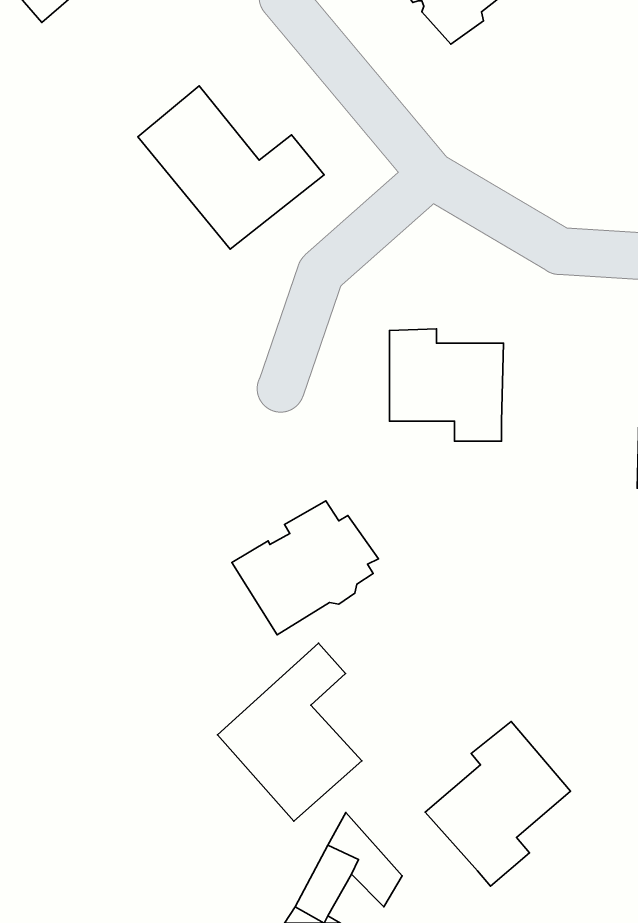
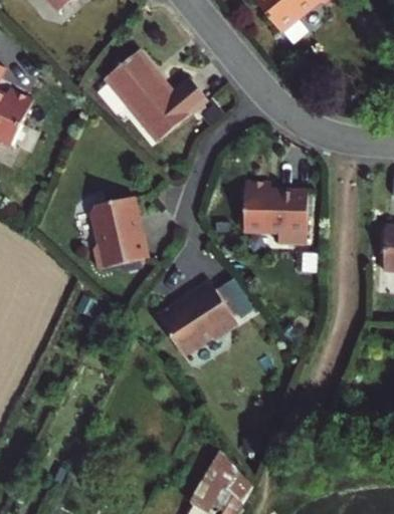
building: none -> [92,199,146,270]
building: [218,643,362,821] -> none
building: [425,722,570,886] -> none

